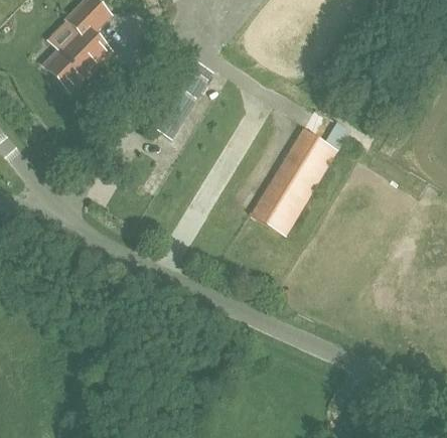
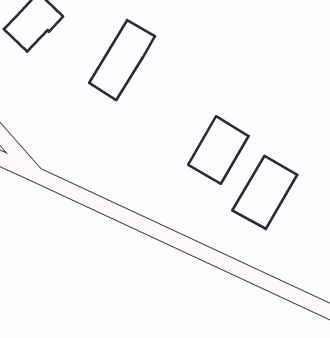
building: [282,126,338,182] -> none
building: none -> [232,156,297,229]

